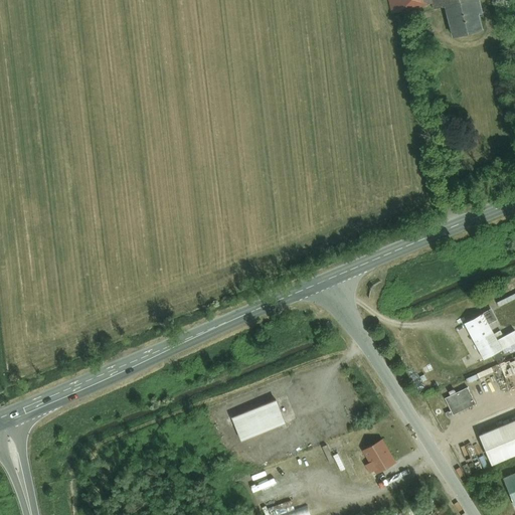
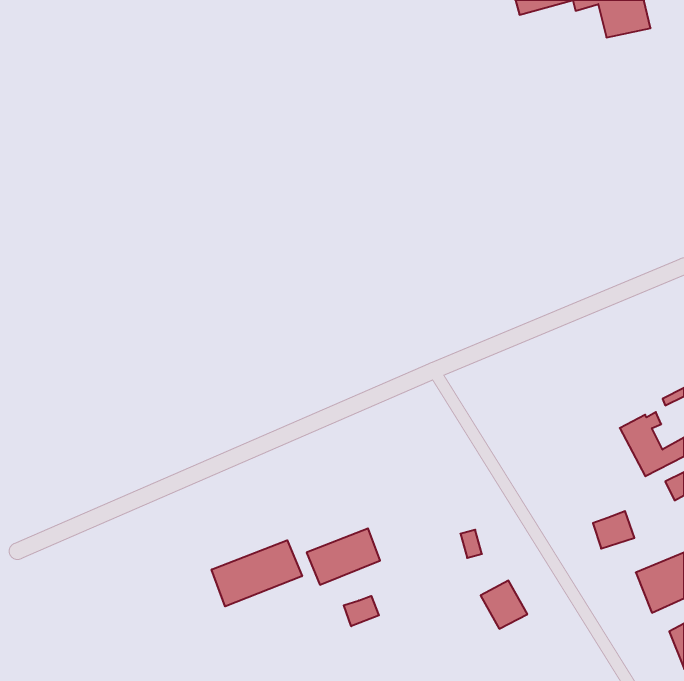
building: none -> [212,540,302,606]
building: none -> [344,596,379,626]

